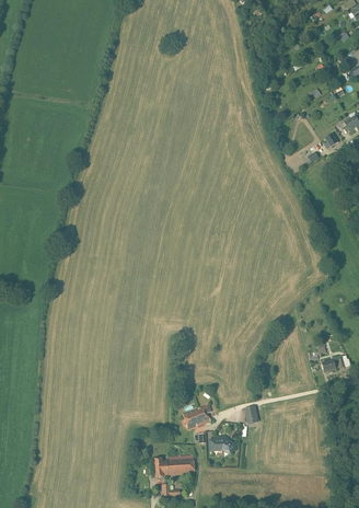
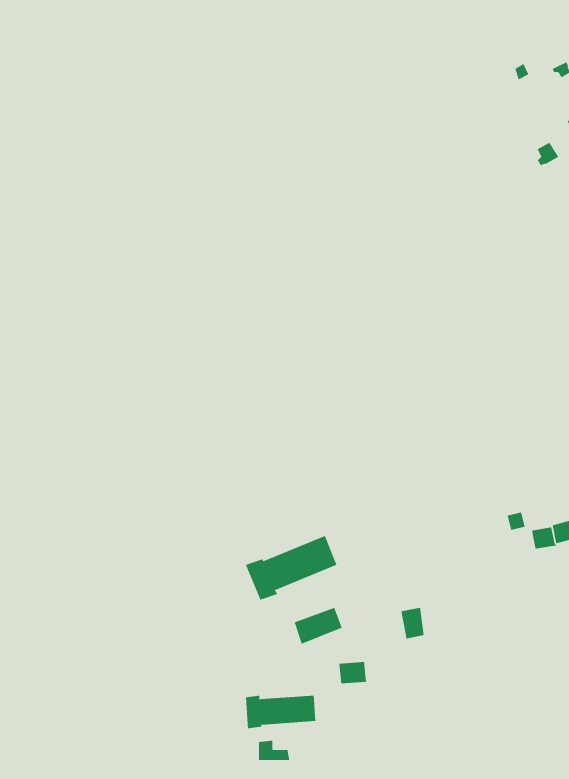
building: none -> [245,535,337,601]

